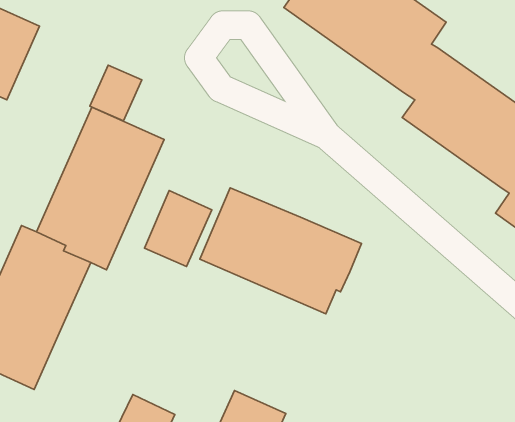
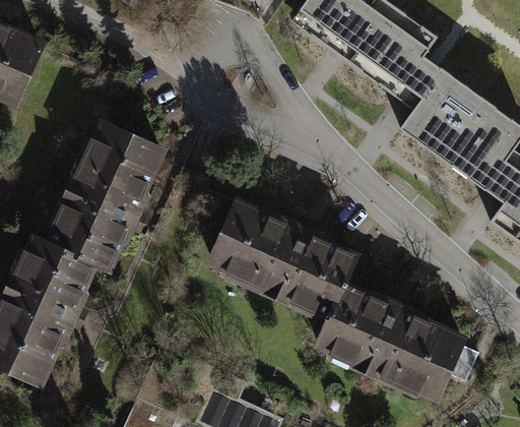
building: [90,65,142,121] -> none
building: [145,191,212,266] -> none
building: none -> [312,279,468,403]

